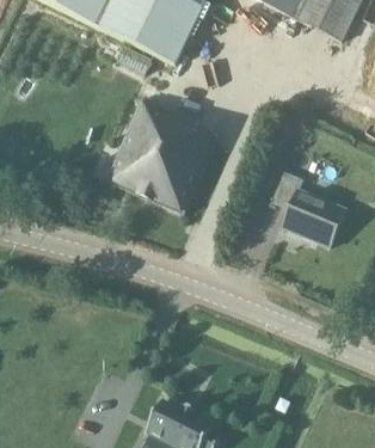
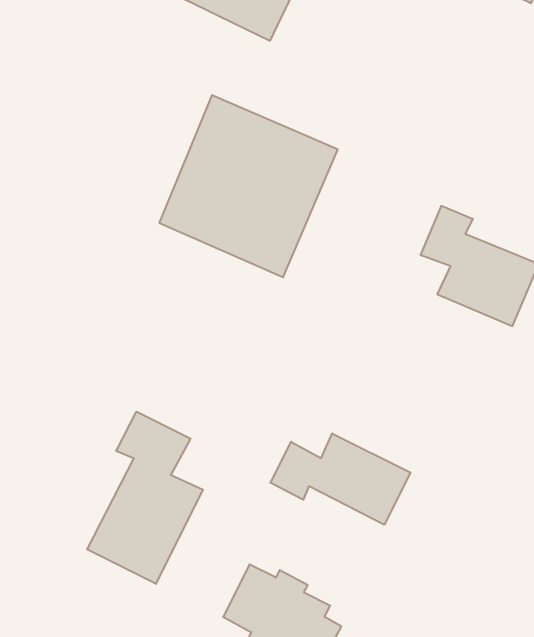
building: none -> [87,412,203,584]
building: none -> [270,433,410,525]

